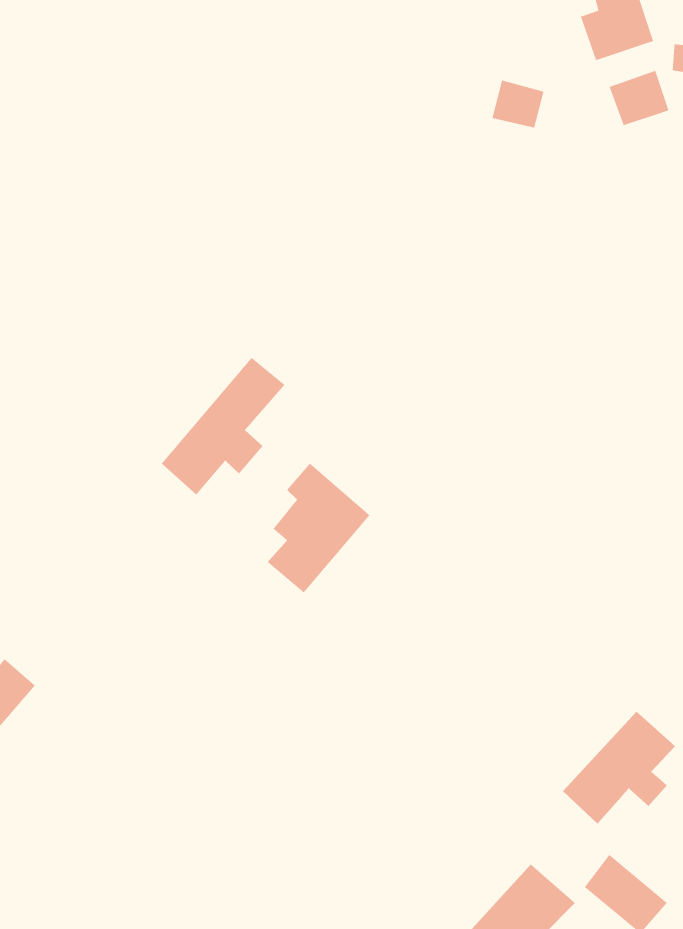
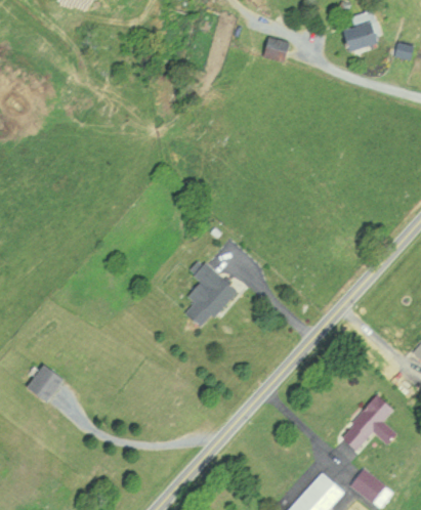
building: [609,70,669,126] -> none
building: [492,79,544,128] -> [264,38,292,63]
building: [161,357,285,495] -> none

